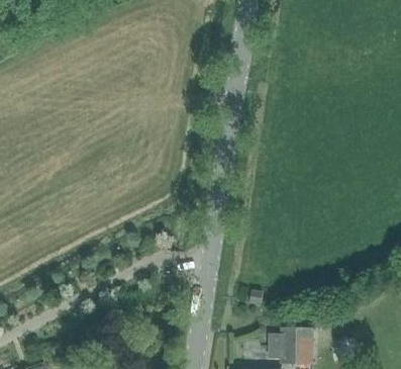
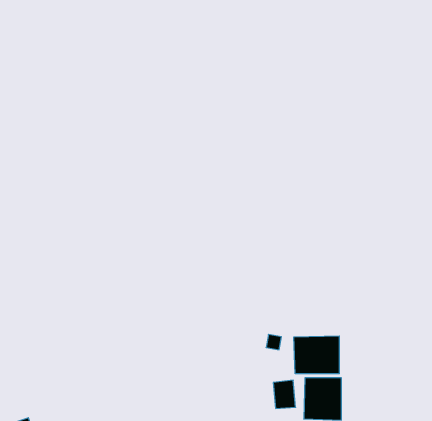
building: none -> [294,336,339,374]

